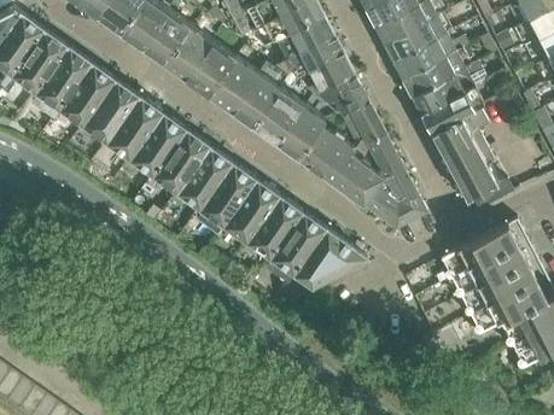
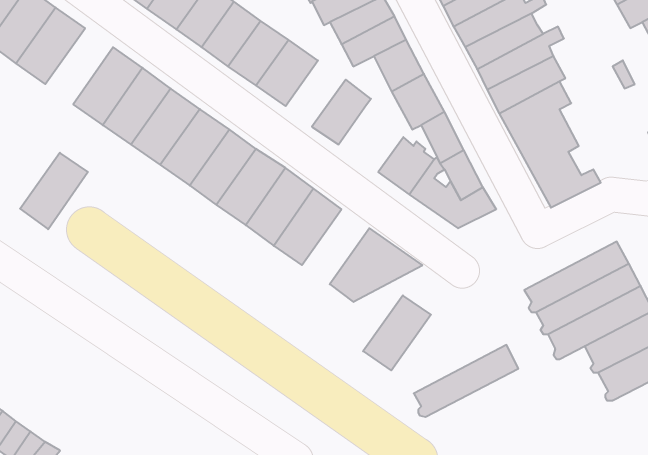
building: [58,63,113,125] -> [20,153,88,229]
building: [255,89,304,144] -> none
building: [298,125,354,181] -> none
building: [268,211,323,273] -> [363,295,431,370]
building: [441,218,526,277] -> [414,345,518,417]

